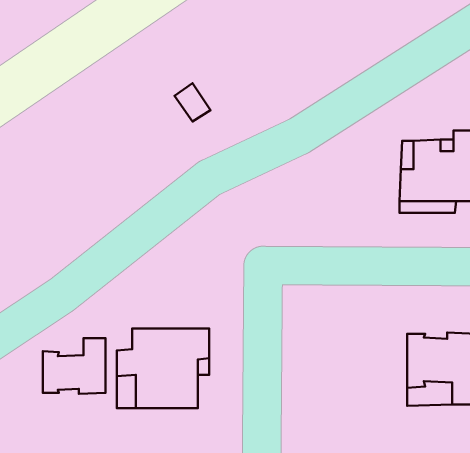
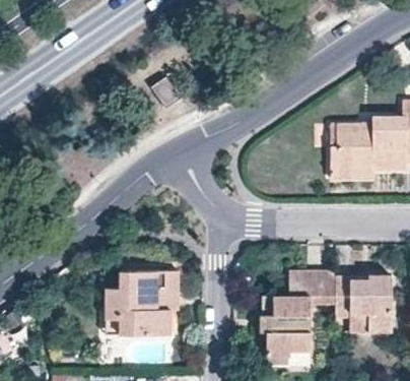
building: none -> [260,270,336,366]
building: [43,338,106,394] -> none

